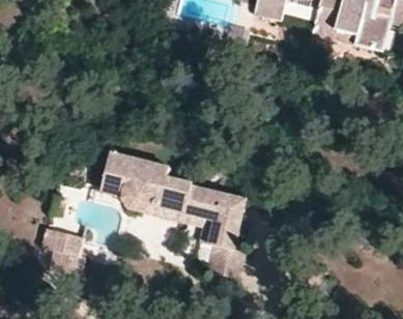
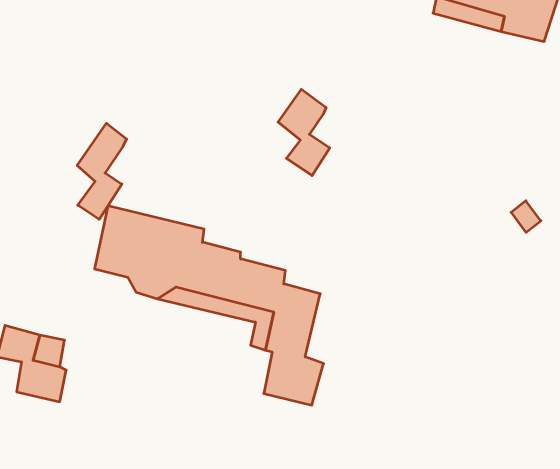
building: none -> [278,89,330,176]
building: none -> [77,123,127,219]

